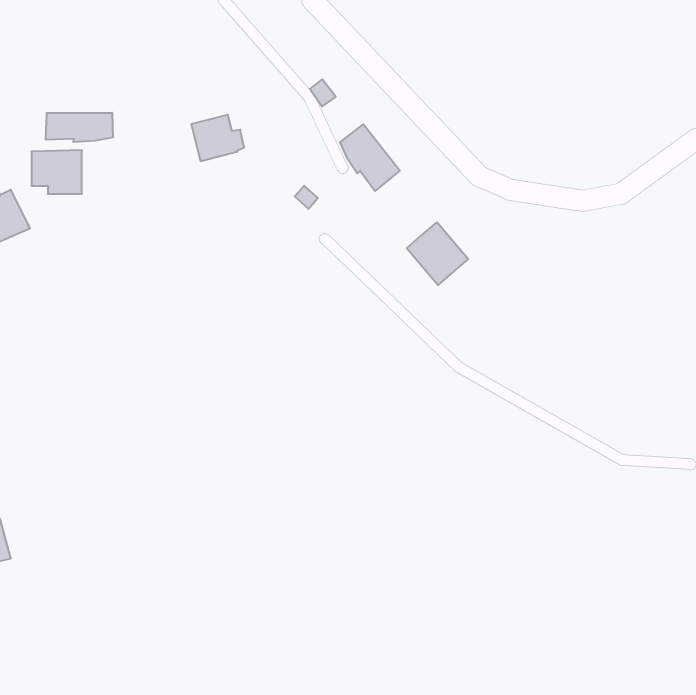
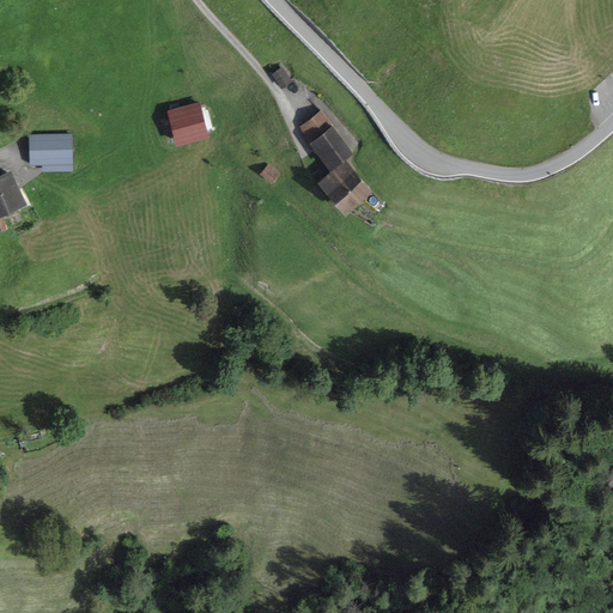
building: [46,113,113,142] -> none
building: [407,222,468,285] -> [317,158,371,213]

